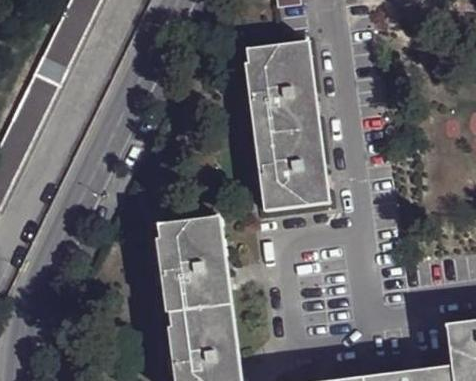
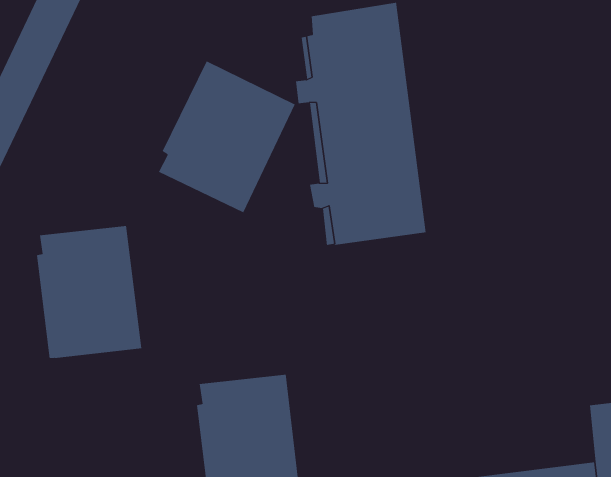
building: none -> [158,61,296,213]
building: [155,216,230,310] -> [36,225,142,358]

